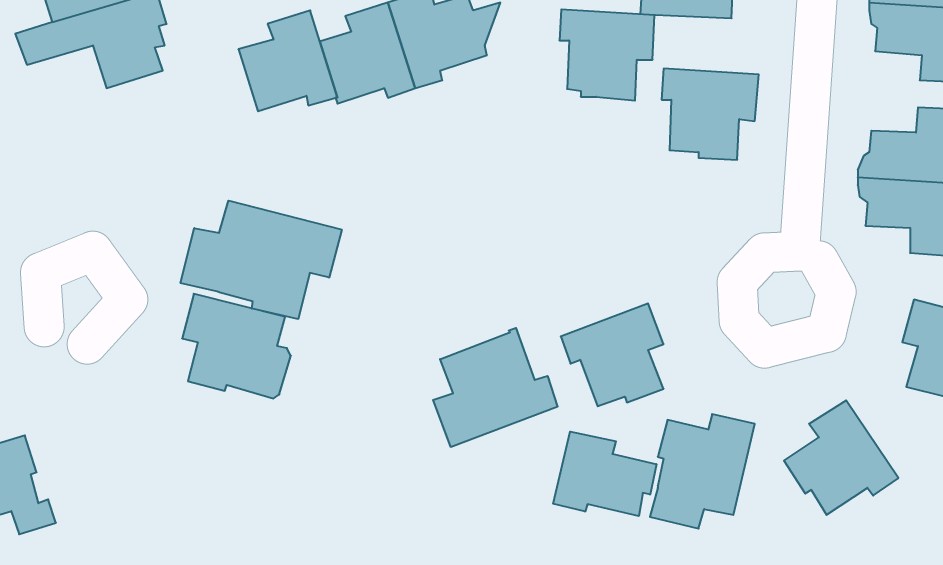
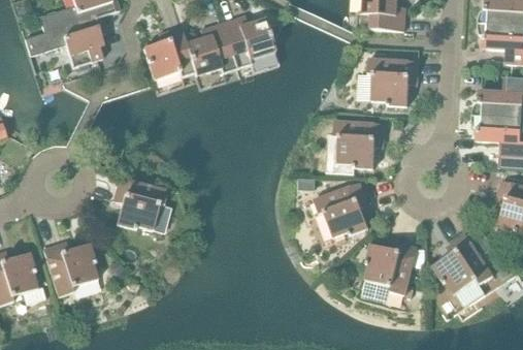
building: [559,9,654,101] -> [334,120,385,168]
building: [181,201,342,319] -> none
building: [433,328,558,447] -> none
building: none -> [43,241,98,296]
building: [553,432,656,516] -> none

